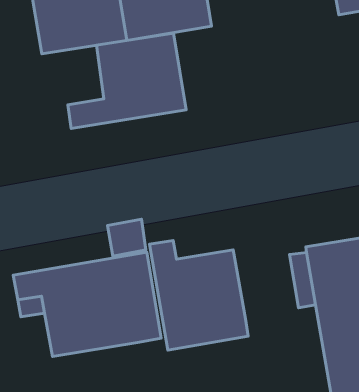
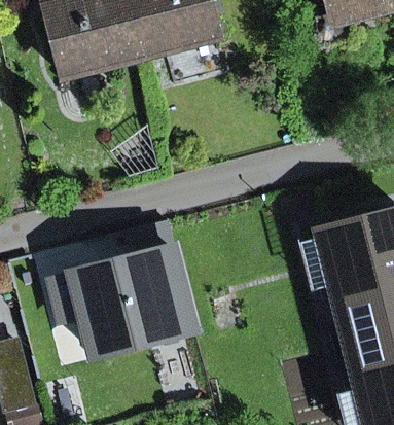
building: [68,33,186,128] -> none
building: [150,240,248,350] -> none

